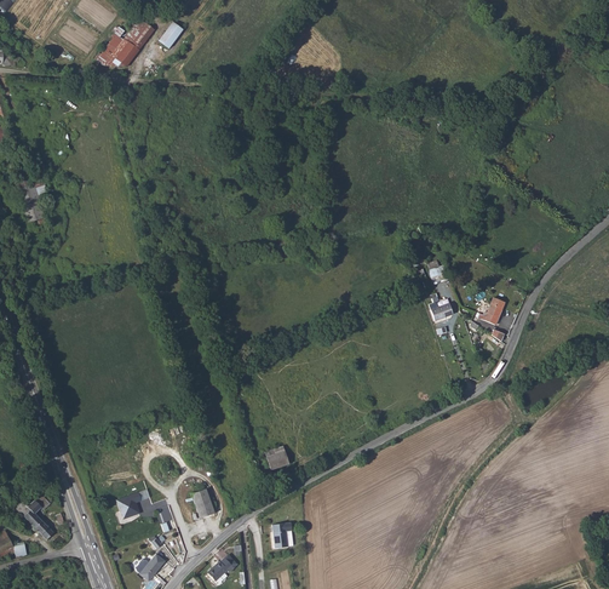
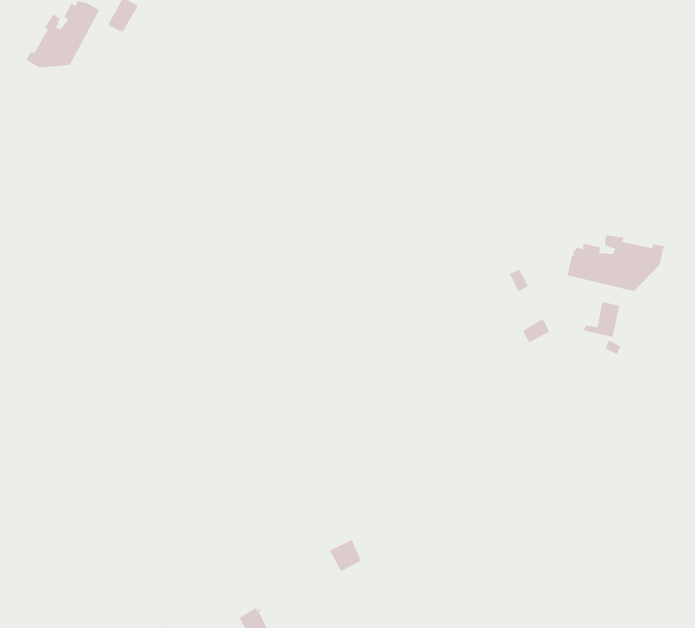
building: none -> [567,235,664,292]

